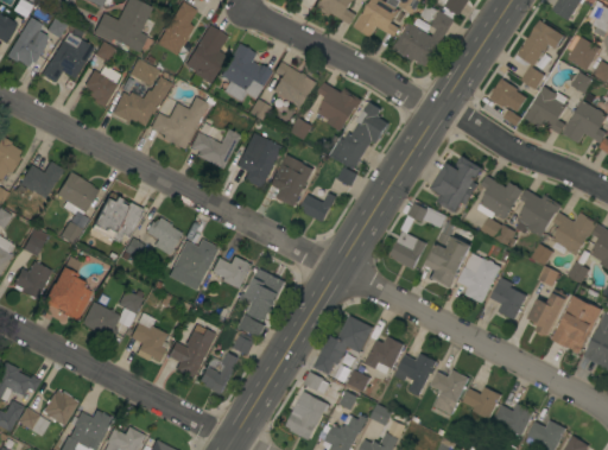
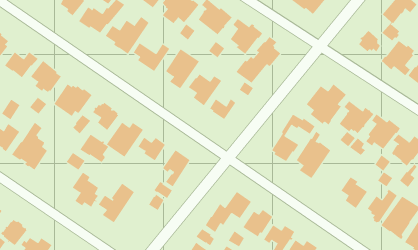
building: [458,253,500,303] -> none
building: [80,302,119,338] -> [80,134,109,163]
building: [198,353,238,395] -> none

